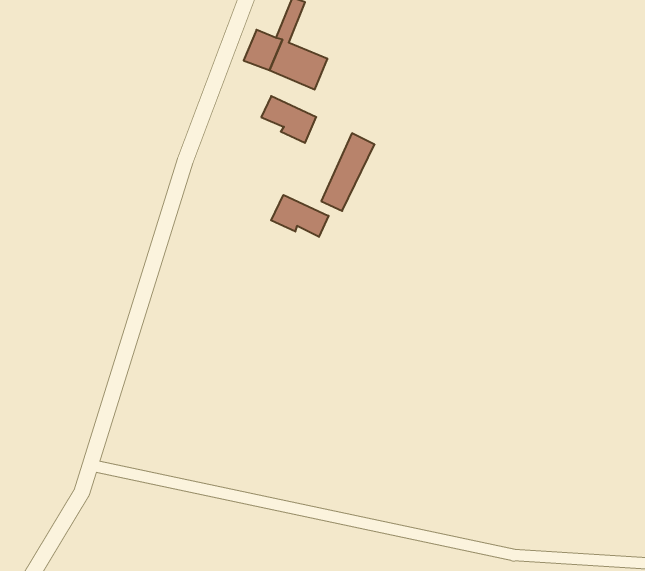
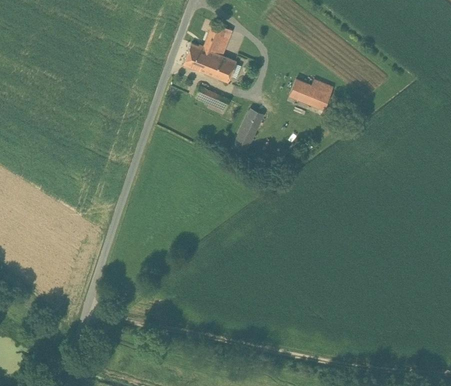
building: none -> [287,79,333,110]
building: [271,195,329,237] -> none

